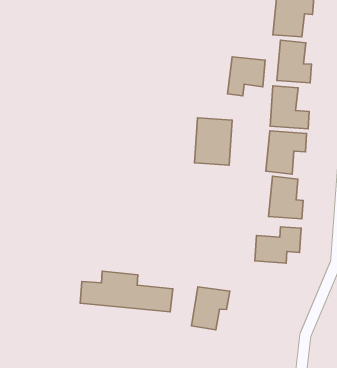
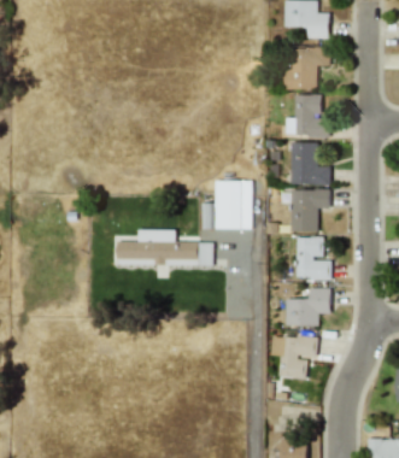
building: [228,57,265,96] -> none
building: [80,271,173,312] -> [117,229,212,266]
building: [192,287,230,330] -> [278,335,316,378]

